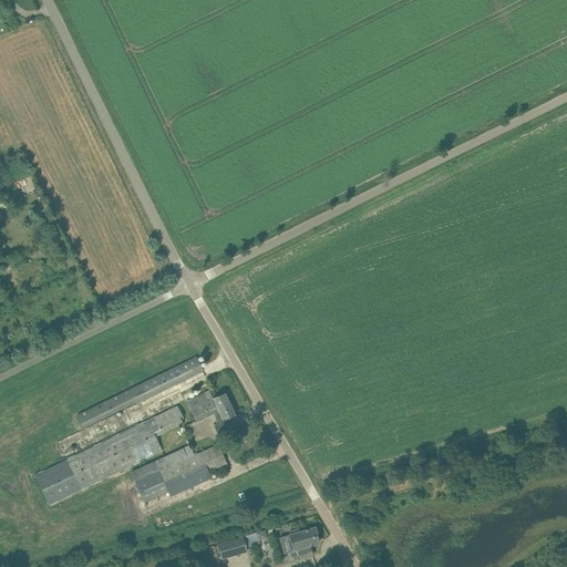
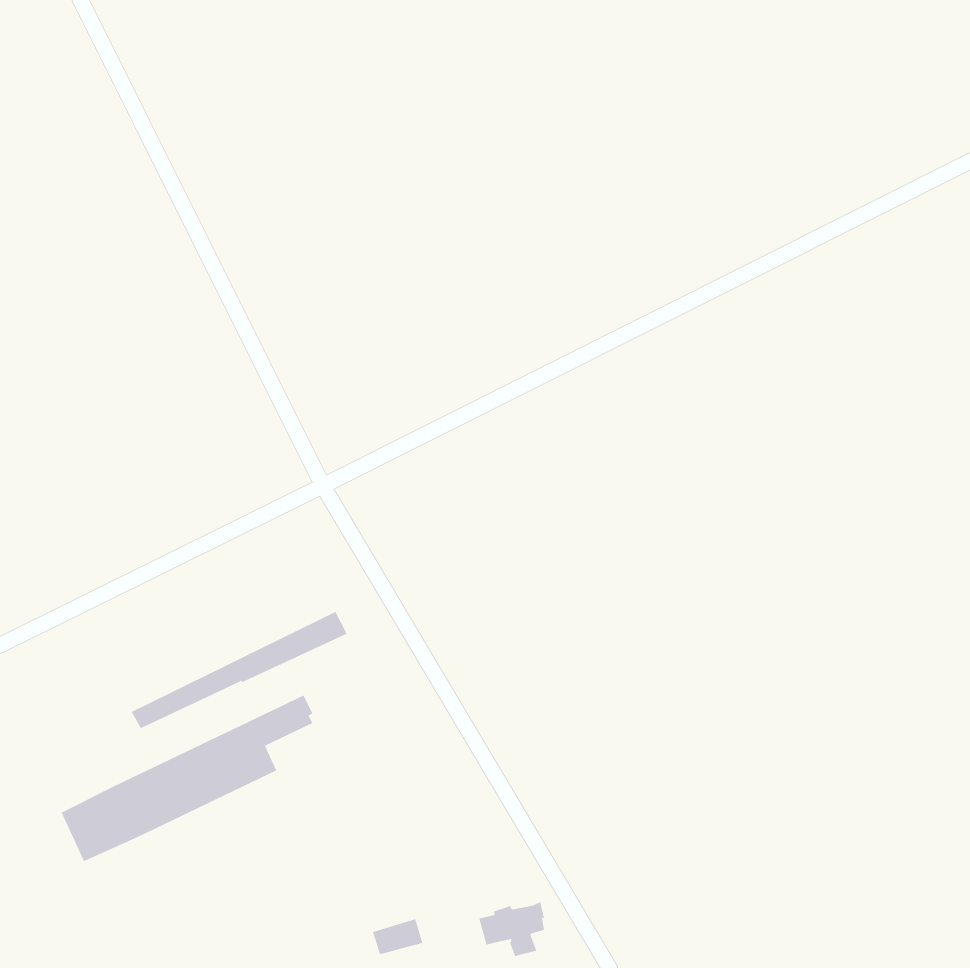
building: [186,388,235,426] -> none
building: [130,443,227,502] -> none

